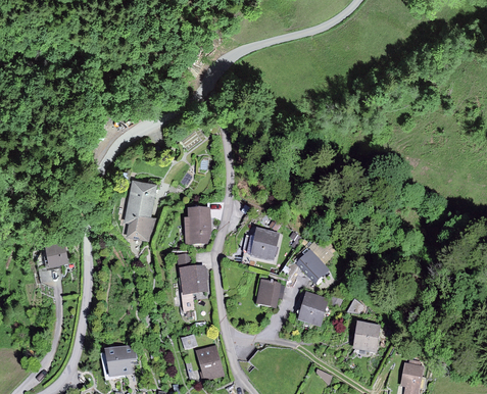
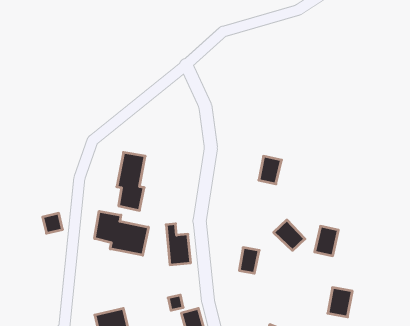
building: [186,208,209,245] -> none
building: [253,231,278,260] -> [259,156,282,184]
building: none -> [95,211,148,255]
building: [300,295,326,327] -> [315,226,338,256]

